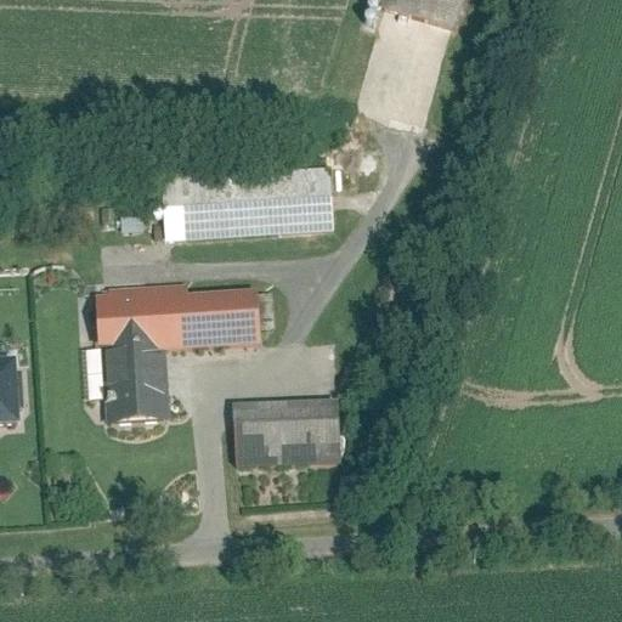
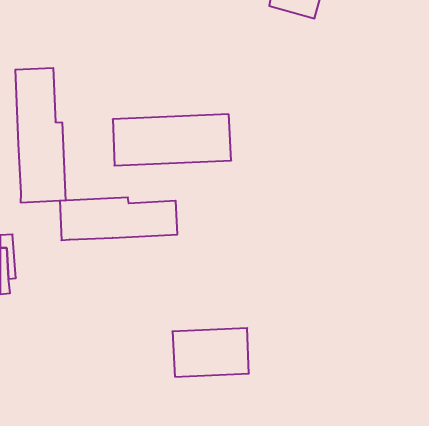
building: none -> [15,68,65,203]
building: [102,344,169,423] -> none
building: [231,400,341,470] -> [172,328,249,377]

